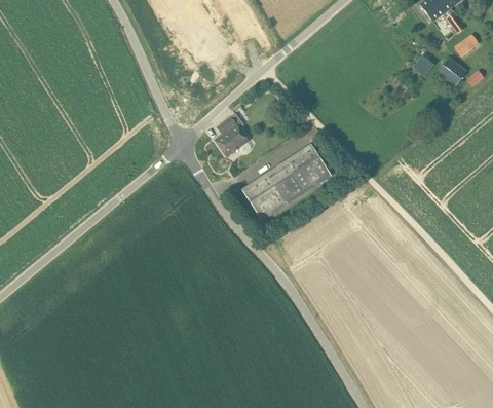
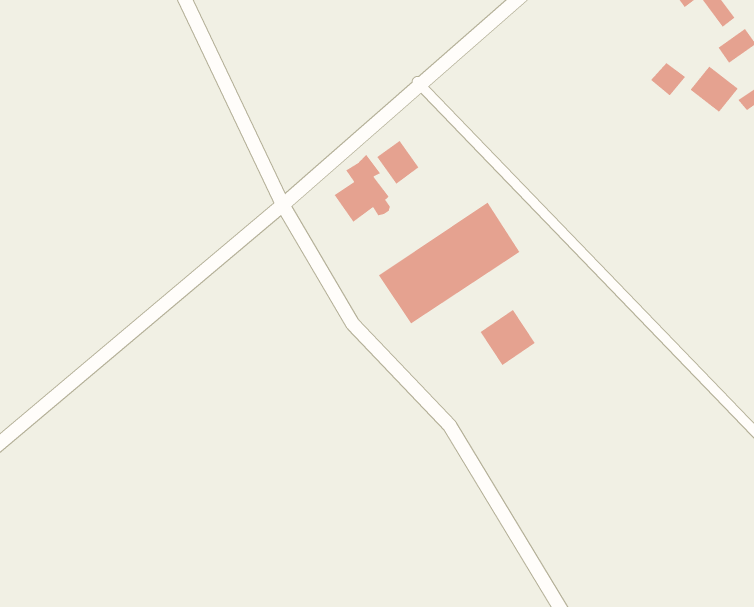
building: none -> [376,140,420,185]
building: none -> [479,309,536,366]

